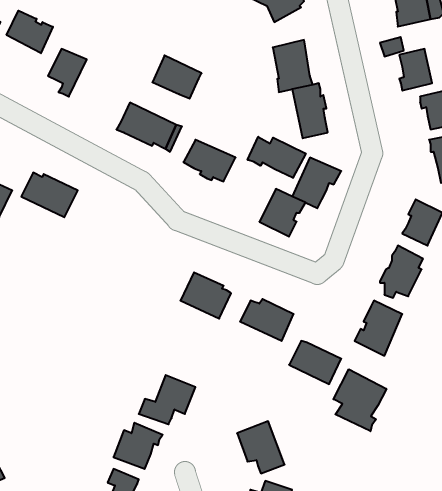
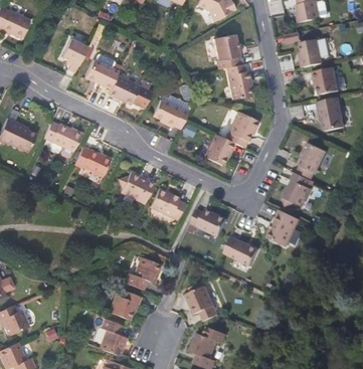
building: [7,11,53,53] -> none
building: [152,55,202,99] -> [85,57,119,86]
building: [248,137,306,178] -> none
building: none -> [74,145,112,174]
building: none -> [121,168,154,201]
building: [333,369,386,431] -> none

